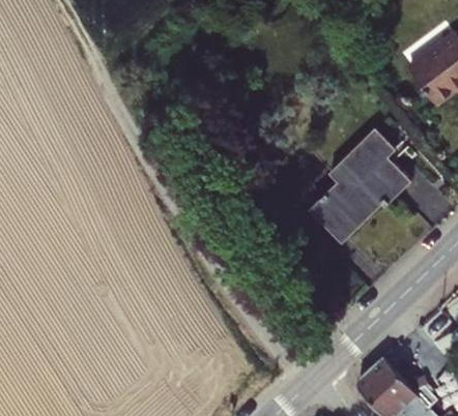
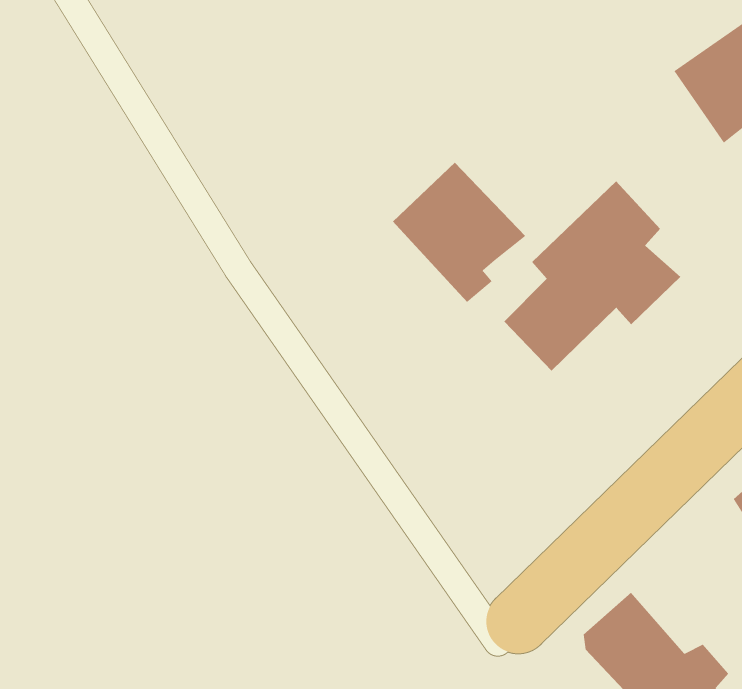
building: none -> [392,162,526,303]

